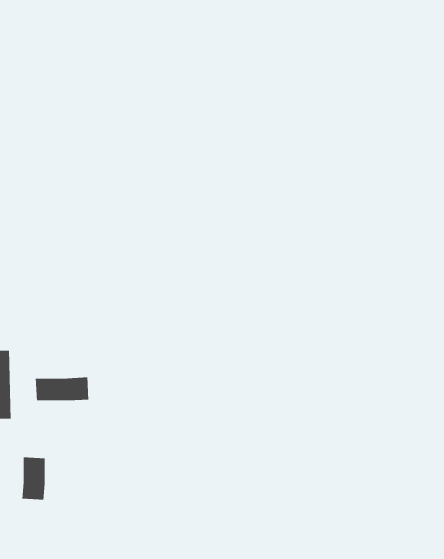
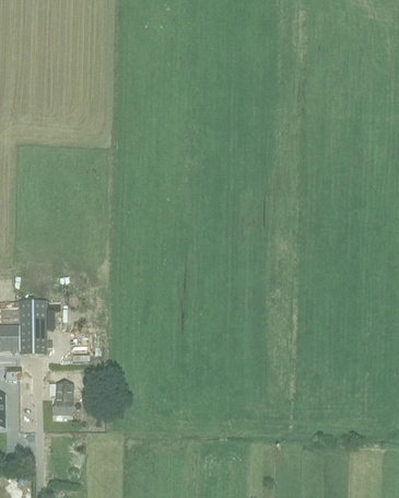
building: [35,377,89,401] -> none

